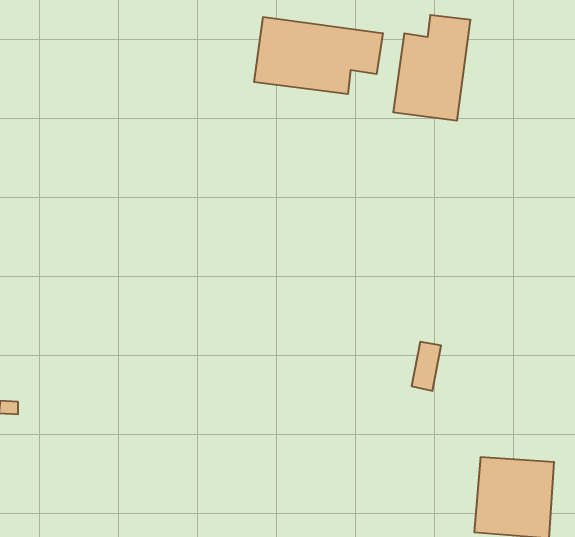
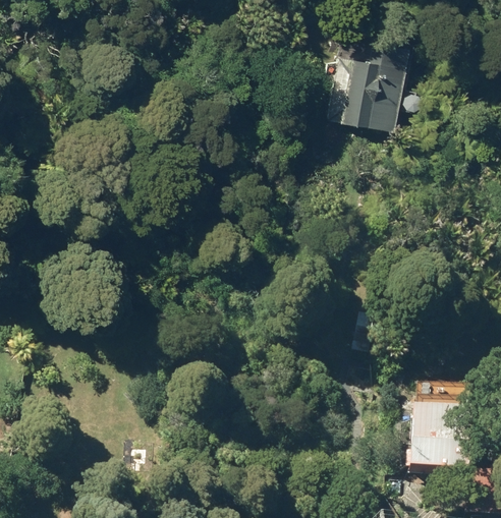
building: [254,17,383,94] -> none

